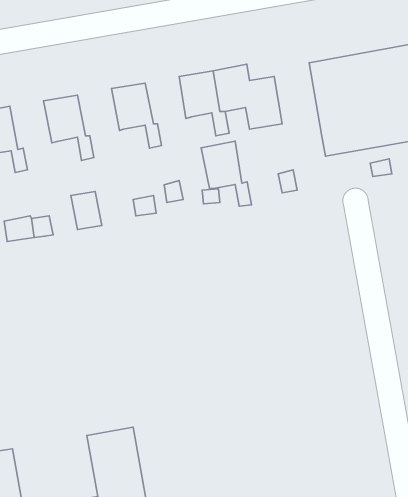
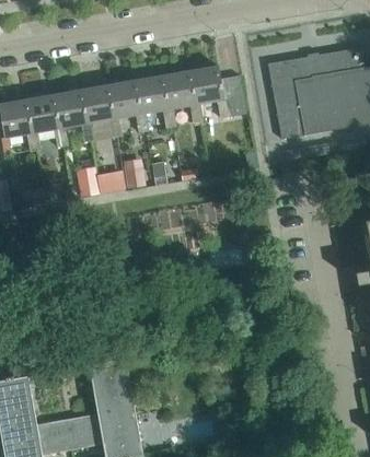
building: none -> [82,85,123,138]
building: none -> [27,95,69,148]
building: [201,141,251,206] -> [137,75,177,128]

